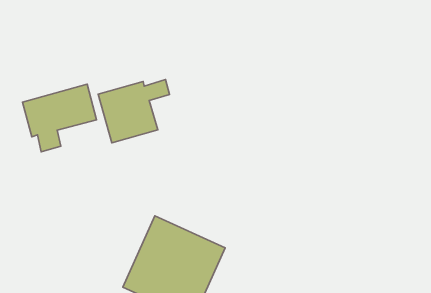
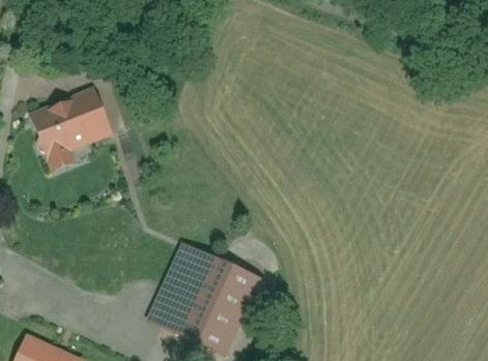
building: [98,79,169,143] -> none

